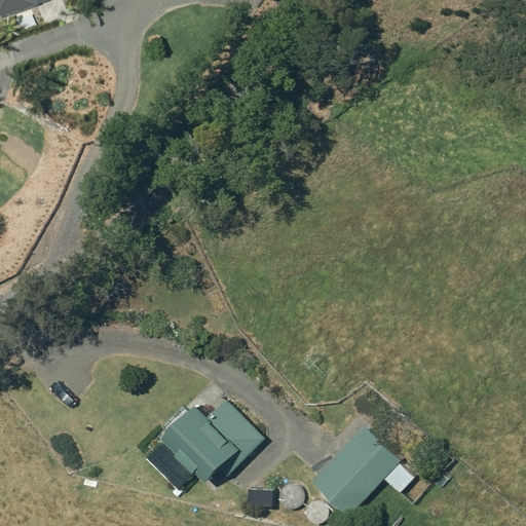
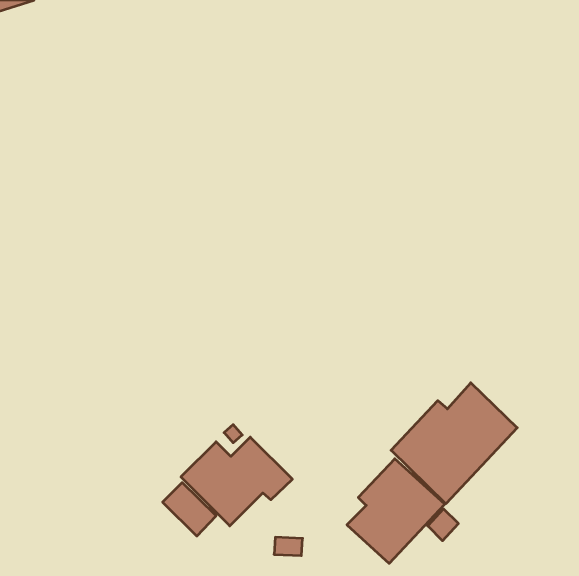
building: none -> [391,383,517,504]

